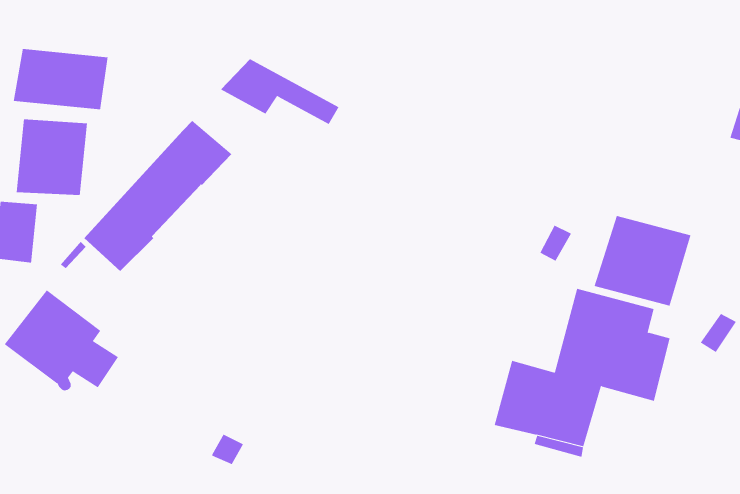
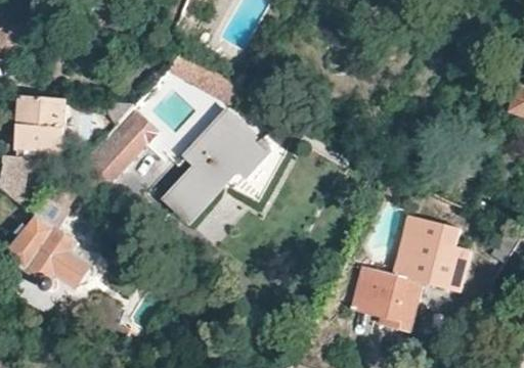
building: [13,48,108,110] -> none
building: none -> [163,109,289,221]
building: [594,215,691,307] -> none

